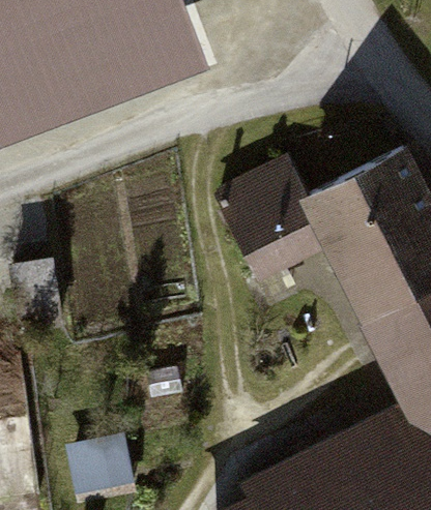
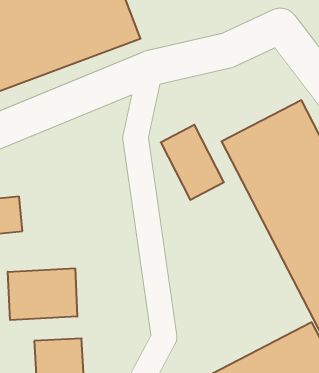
building: none -> [8,268,77,320]

